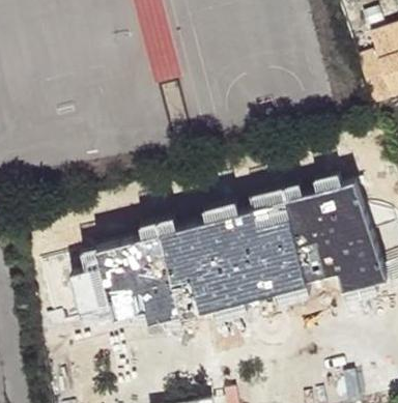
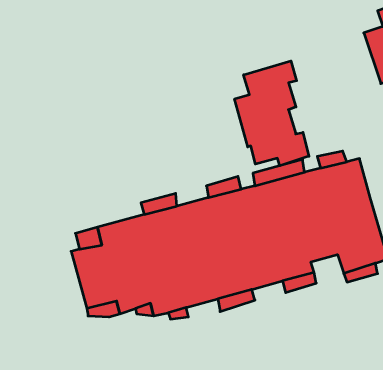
building: none -> [235,61,309,166]

